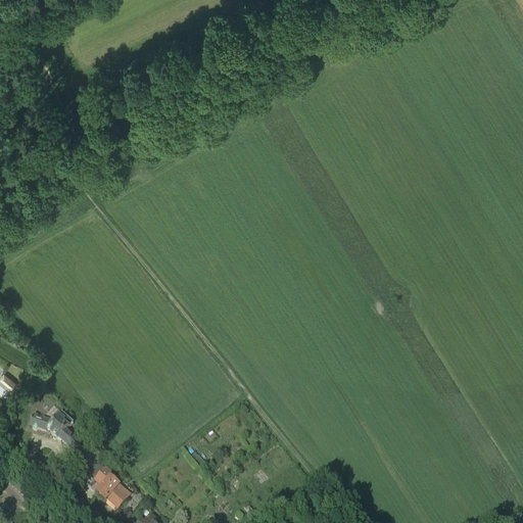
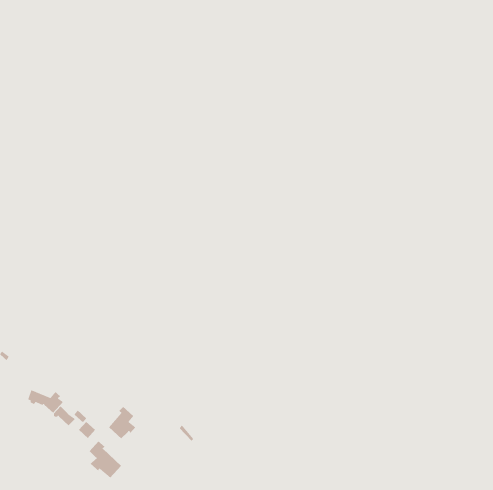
building: none -> [108,406,136,439]

